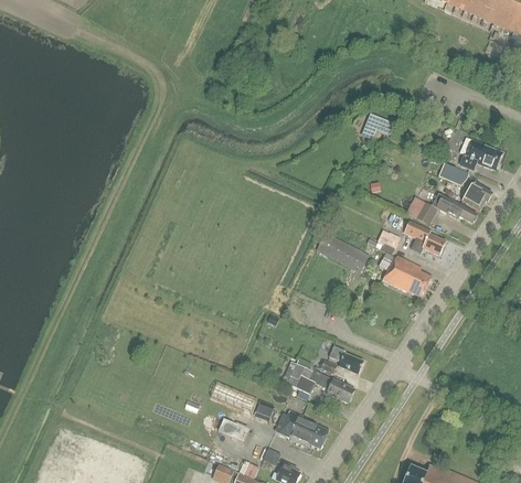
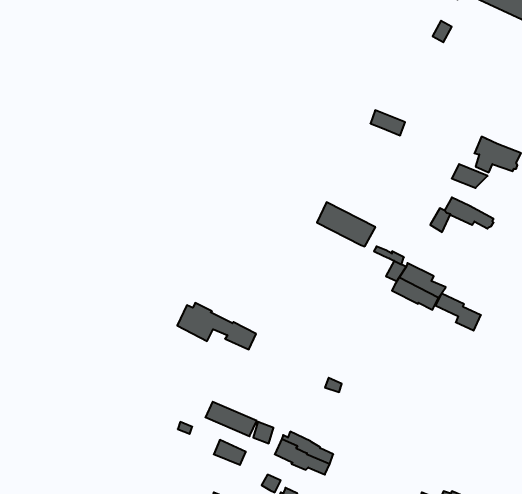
building: [462,182,492,211] -> none
building: [404,221,446,255] -> [435,294,481,331]
building: [316,232,370,272] -> [317,202,375,246]
building: [329,345,363,374] -> none
building: [281,359,354,402] -> [177,303,256,349]

